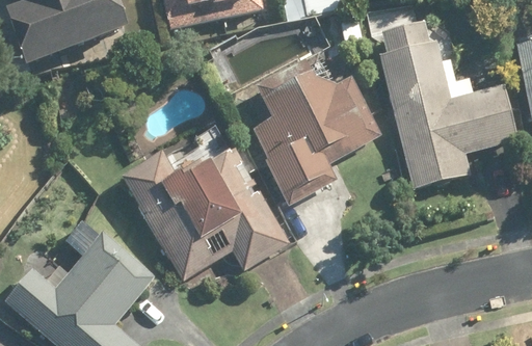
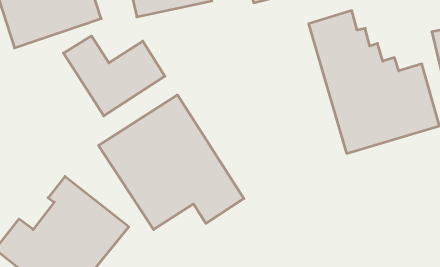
building: none -> [63,36,165,116]
building: [251,61,384,208] -> none

